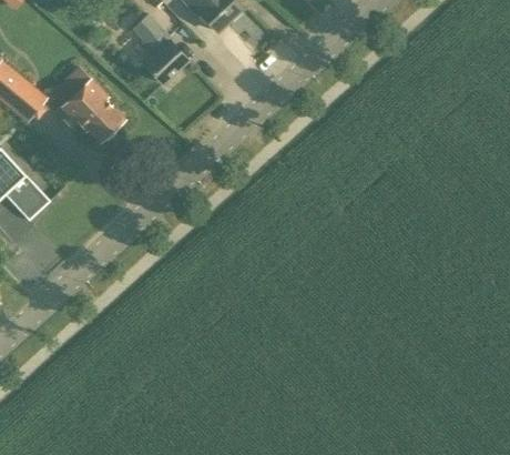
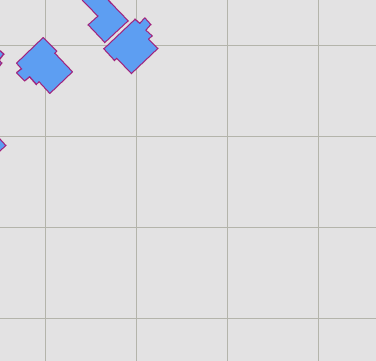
building: none -> [104,18,158,74]

